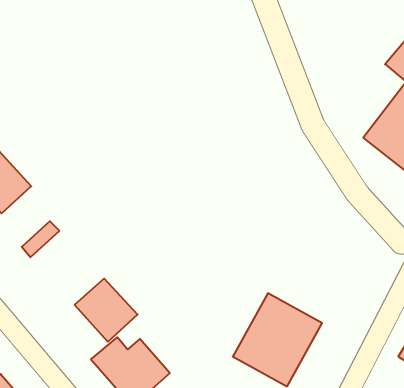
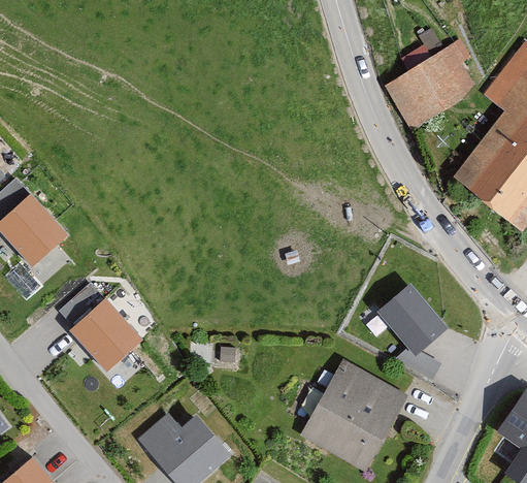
building: none -> [386,49,474,129]
building: none -> [376,284,447,356]
building: [75,279,138,342] -> [68,298,142,373]

